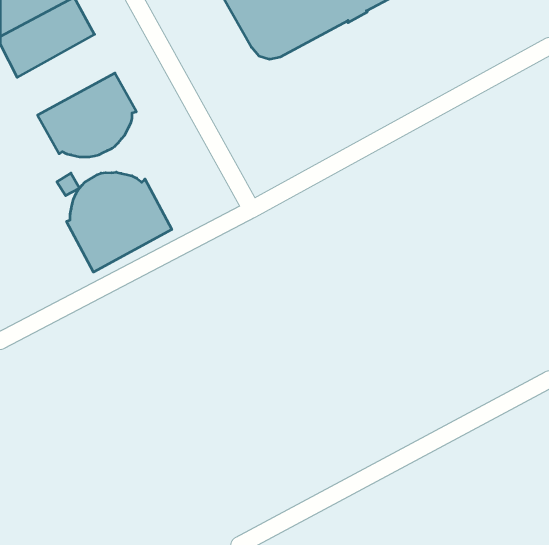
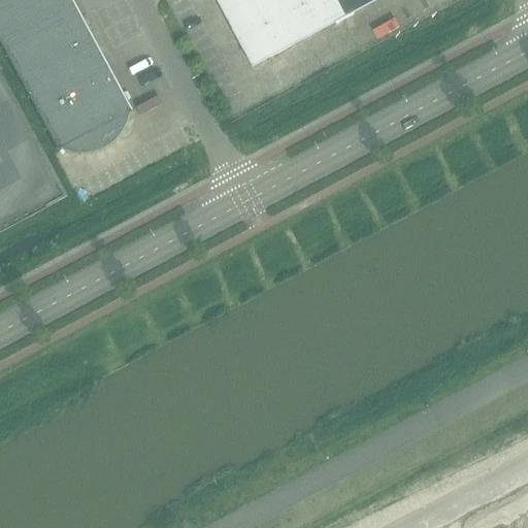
building: none -> [16,33,110,110]
building: [67,172,172,272] -> none

